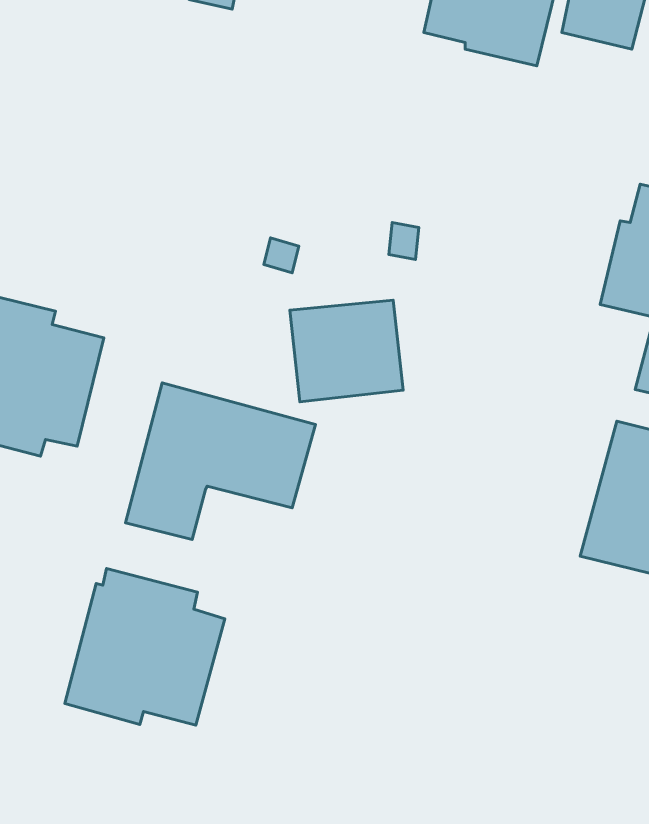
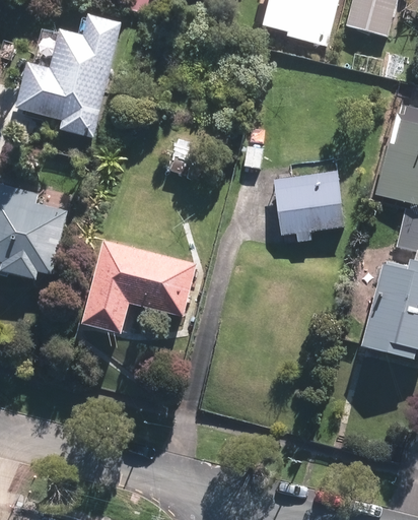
building: none -> [15,16,122,137]
building: [290,300,403,402] -> [272,169,341,231]
building: [65,568,225,725] -> none

